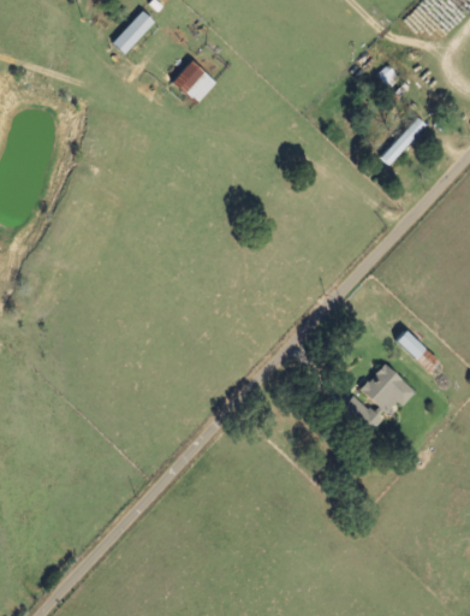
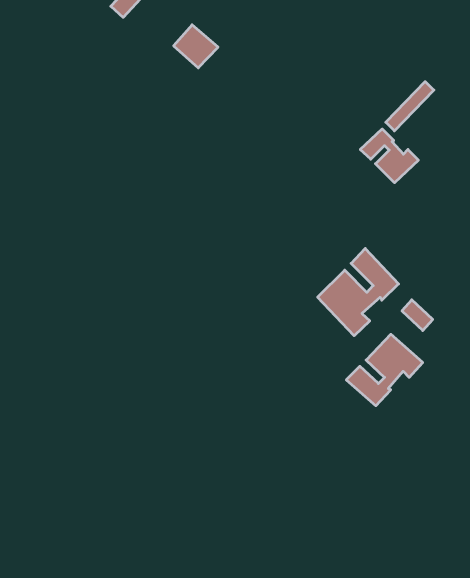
building: none -> [360,129,418,183]
building: none -> [318,248,399,336]

